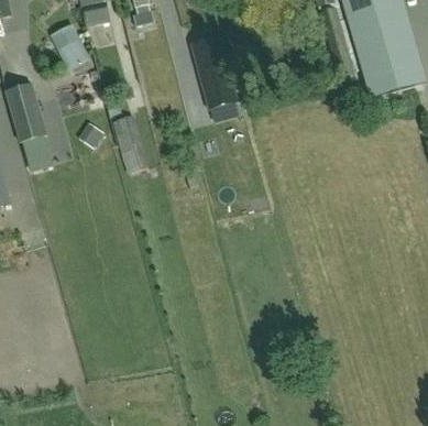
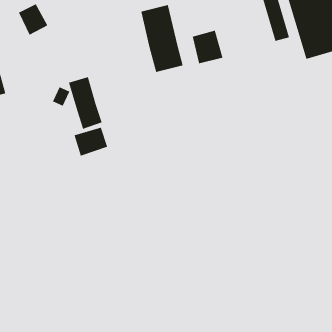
building: none -> [192,30,223,64]
building: none -> [74,127,108,157]

